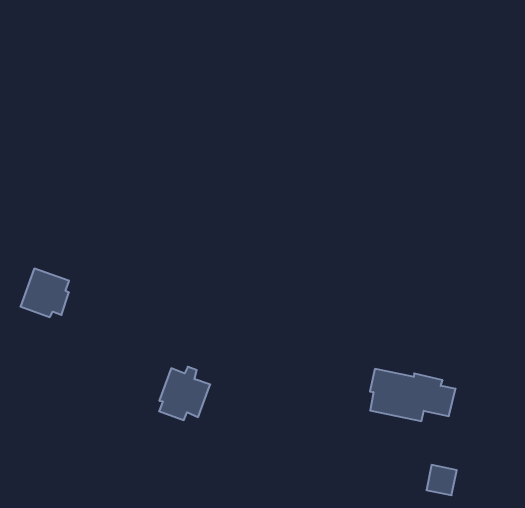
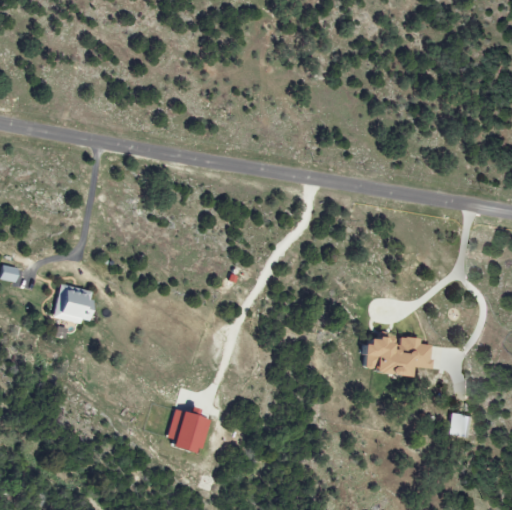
building: [159,367,210,420] -> [168,407,210,453]
building: [426,465,457,495] -> [450,414,474,438]

